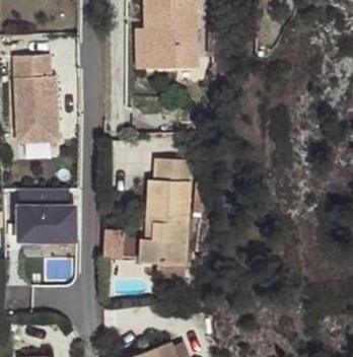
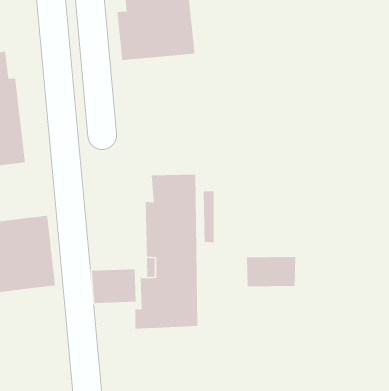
building: none -> [246,256,296,287]

